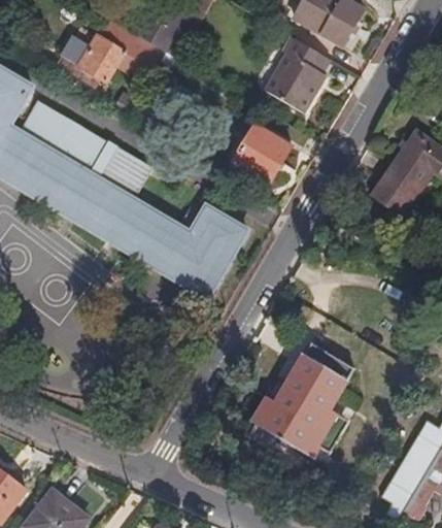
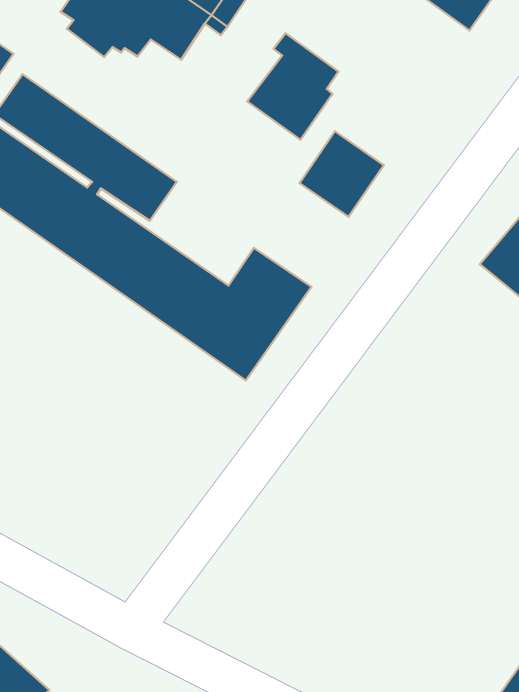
building: [265,35,326,107] -> [247,33,339,140]
building: [252,342,354,457] -> none

